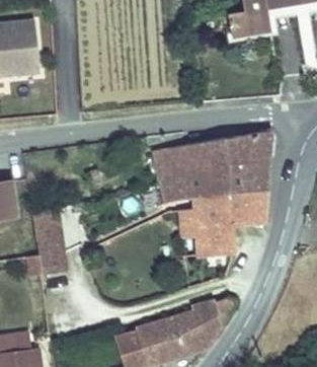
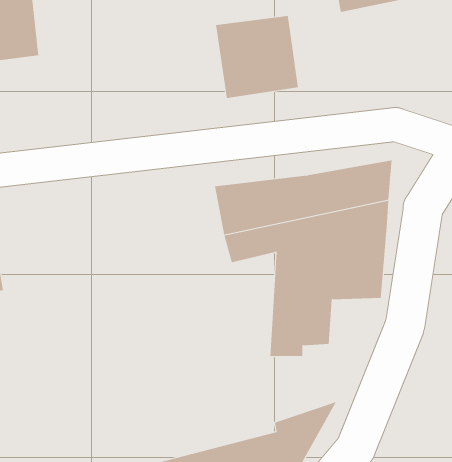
building: none -> [216,15,298,99]
building: [30,207,65,272] -> none

